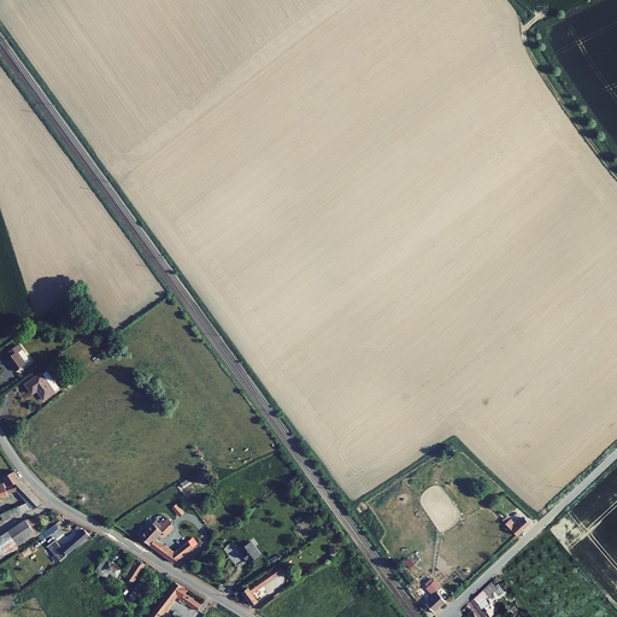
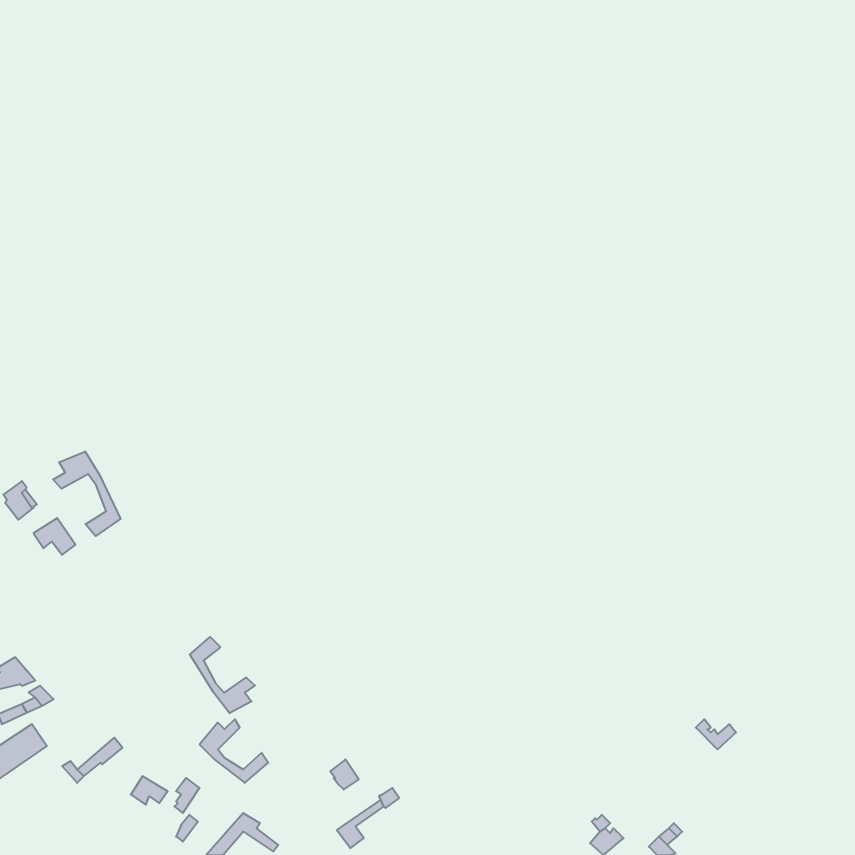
building: none -> [53,451,121,536]
building: none -> [190,637,255,713]

